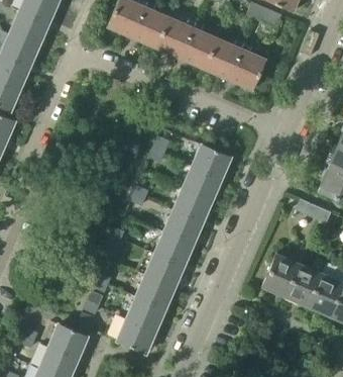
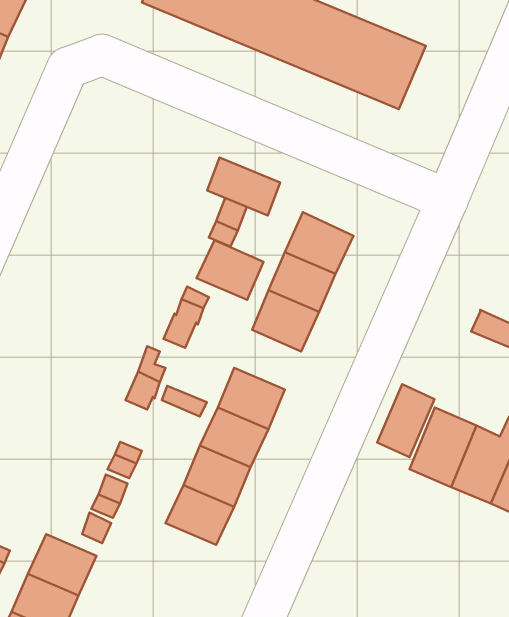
building: none -> [207,157,280,216]
building: [162,211,200,245] -> [196,240,263,300]
building: none -> [377,384,435,457]
building: [115,319,152,354] -> none

